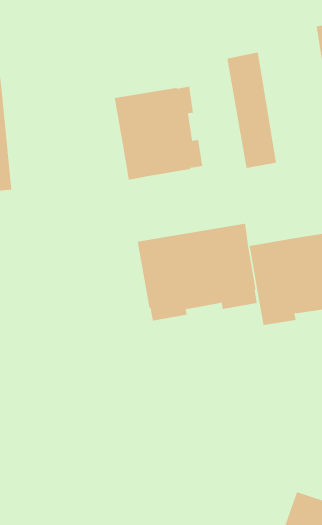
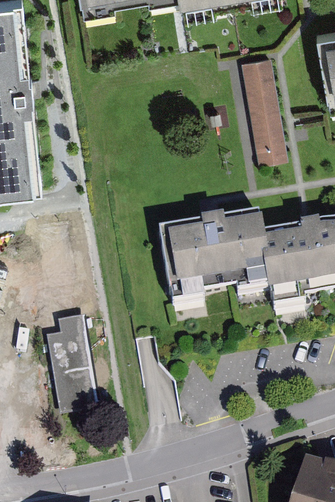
building: [114,86,203,181] -> none
building: none -> [49,315,99,413]

